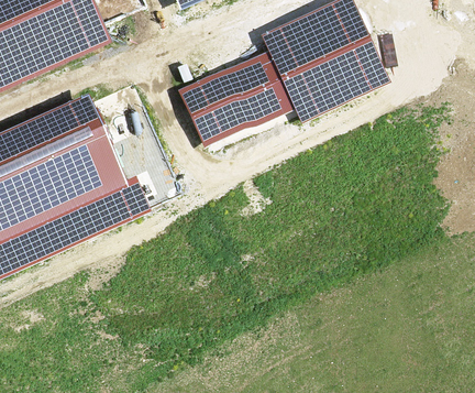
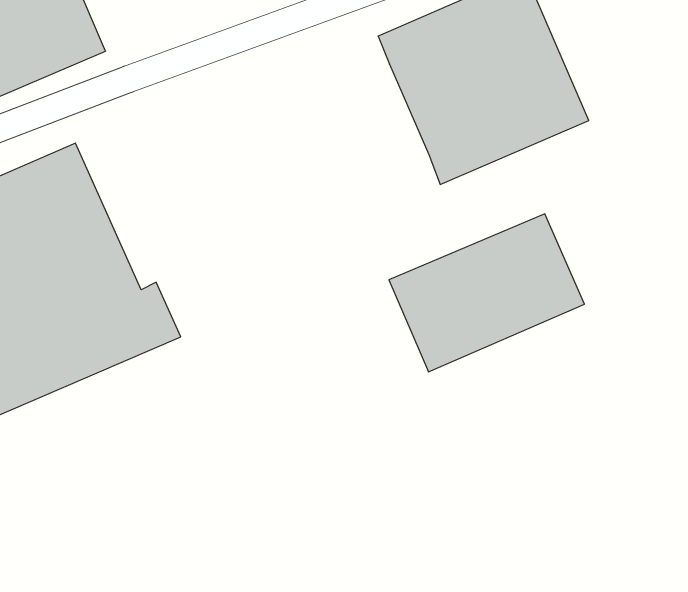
building: [179,51,294,143] -> [389,214,584,372]

